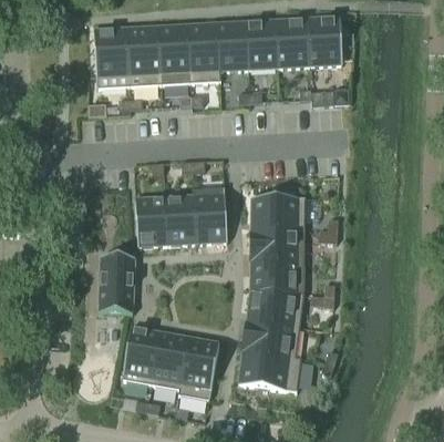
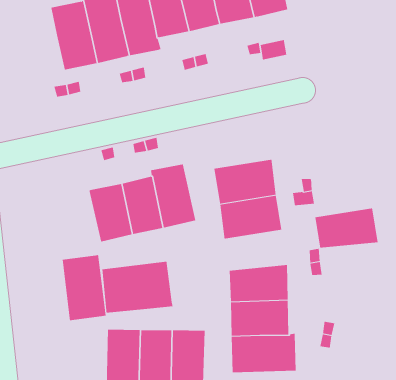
building: [93,27,130,88] -> none
building: [249,261,303,294] -> [314,208,378,248]
building: none -> [102,261,173,313]

